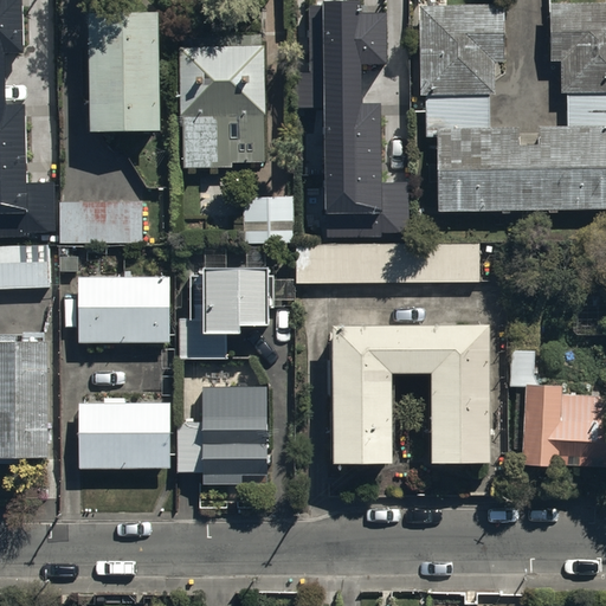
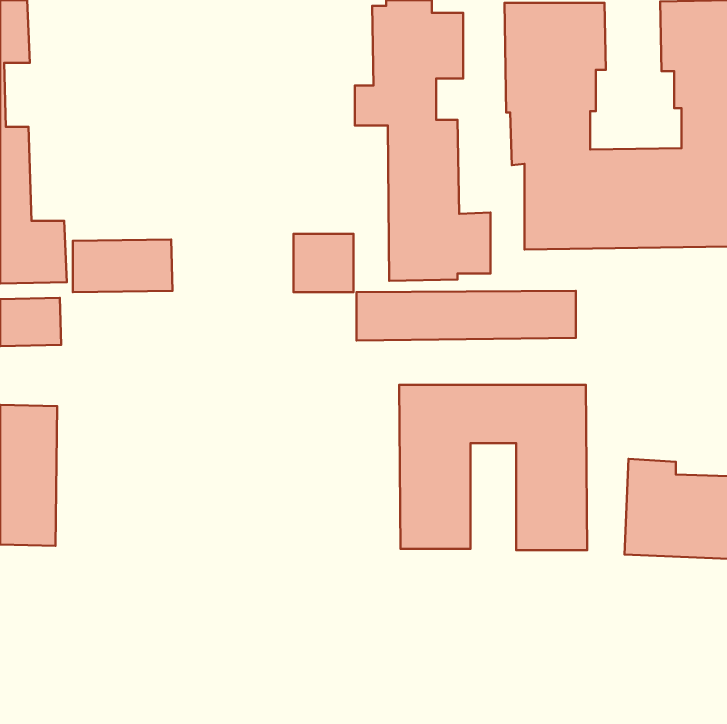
building: [89,12,160,131] -> none
building: [180,45,265,168] -> none
building: [180,264,266,361] -> none
building: [79,279,169,343] -> none
building: [178,386,269,485] -> none
building: [79,402,170,469] -> none

